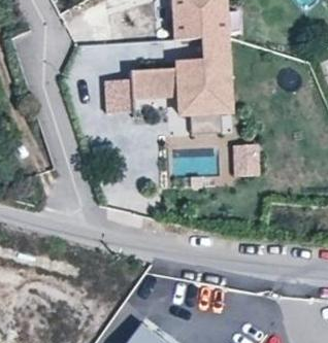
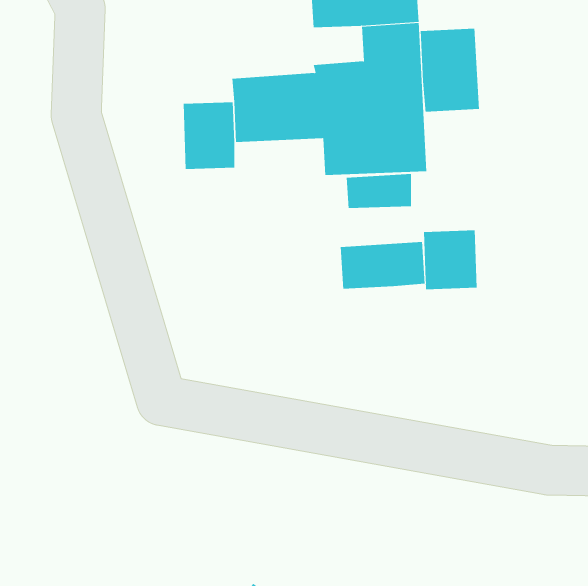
building: none -> [420,28,480,112]
building: none -> [340,241,425,290]

